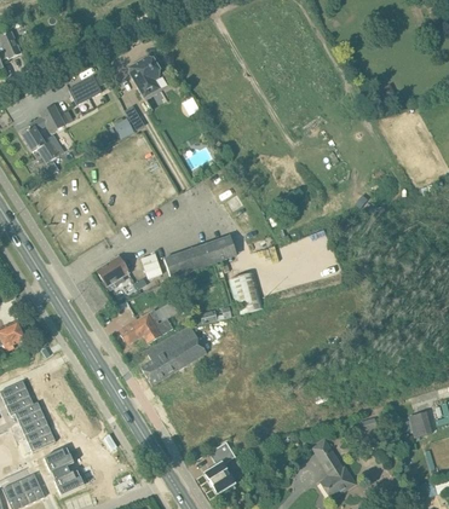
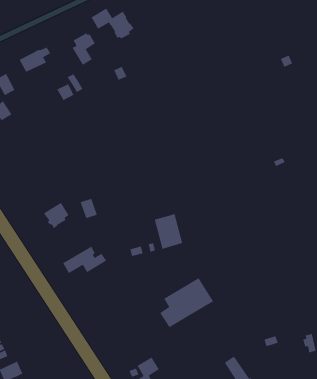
building: none -> [90,7,134,40]
building: [163,239,225,278] -> none
building: [140,324,206,384] -> [159,277,214,328]

